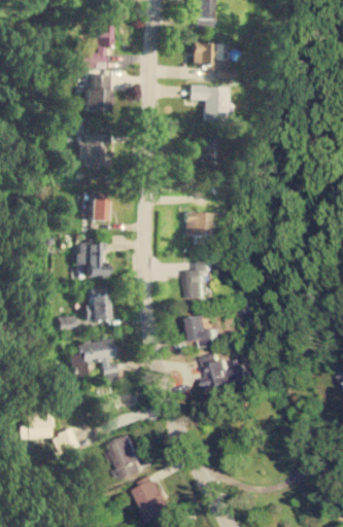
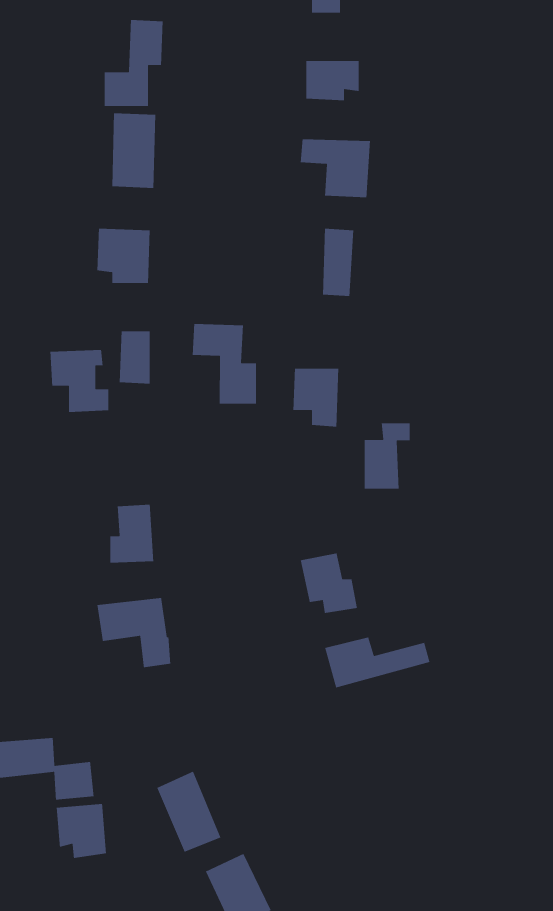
building: none -> [192,323,257,404]
building: [77,243,110,278] -> [50,349,109,413]
building: [186,261,212,298] -> [364,422,411,490]
building: none -> [56,803,107,859]

